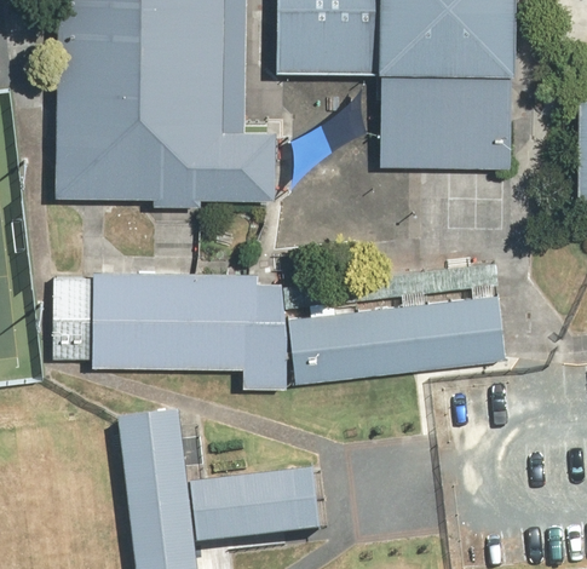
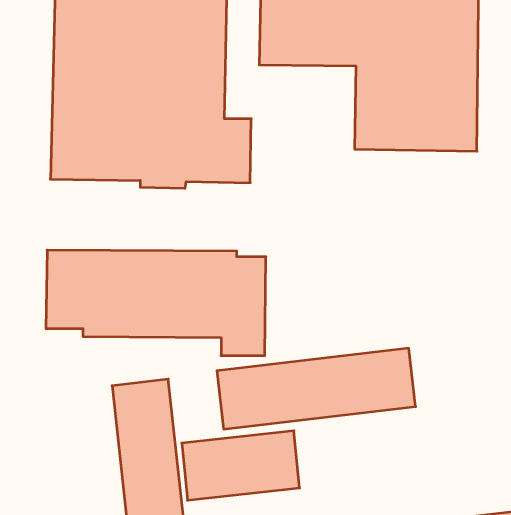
building: [290,297,505,384] -> [217,348,416,429]

